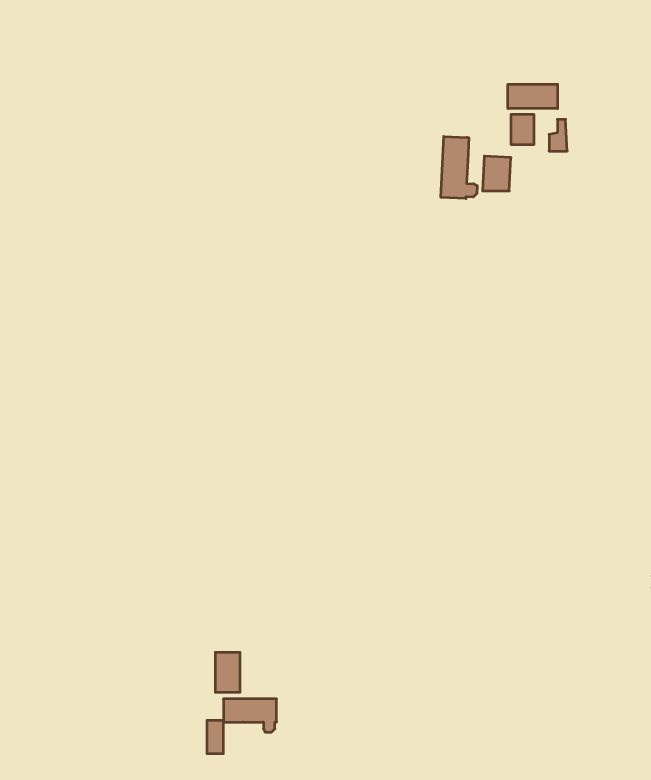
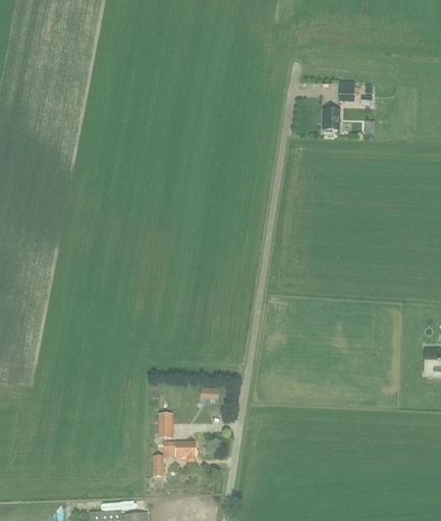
building: [508,84,558,109] -> none
building: [441,136,477,199] -> none

